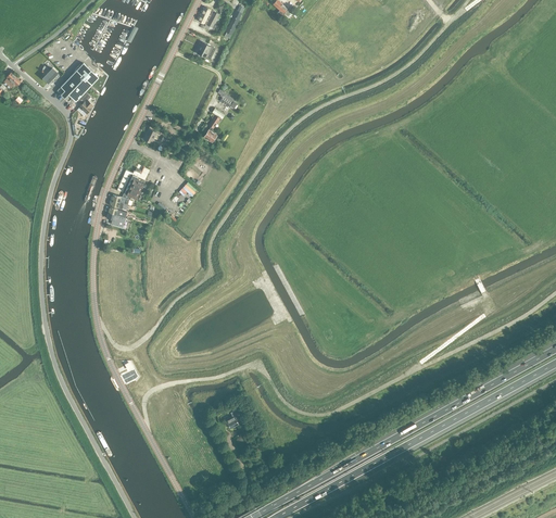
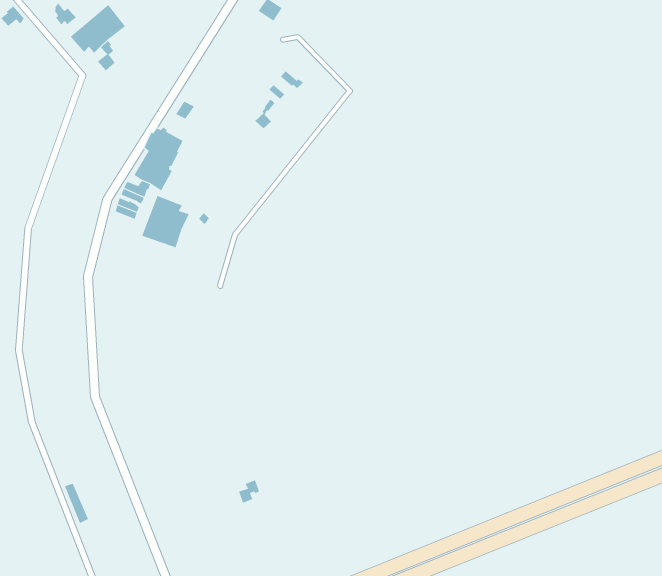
building: none -> [141,195,189,248]

